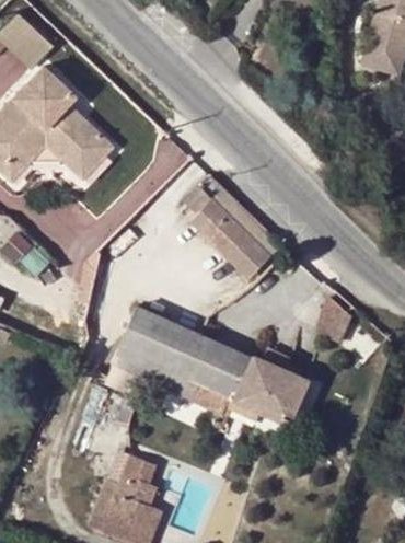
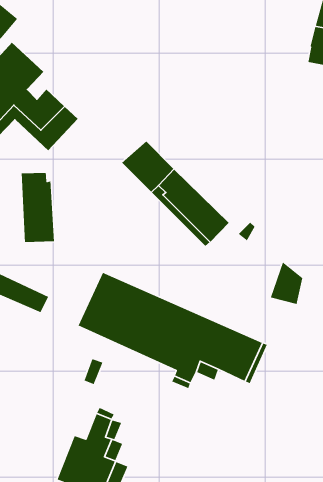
building: none -> [21,172,55,243]

